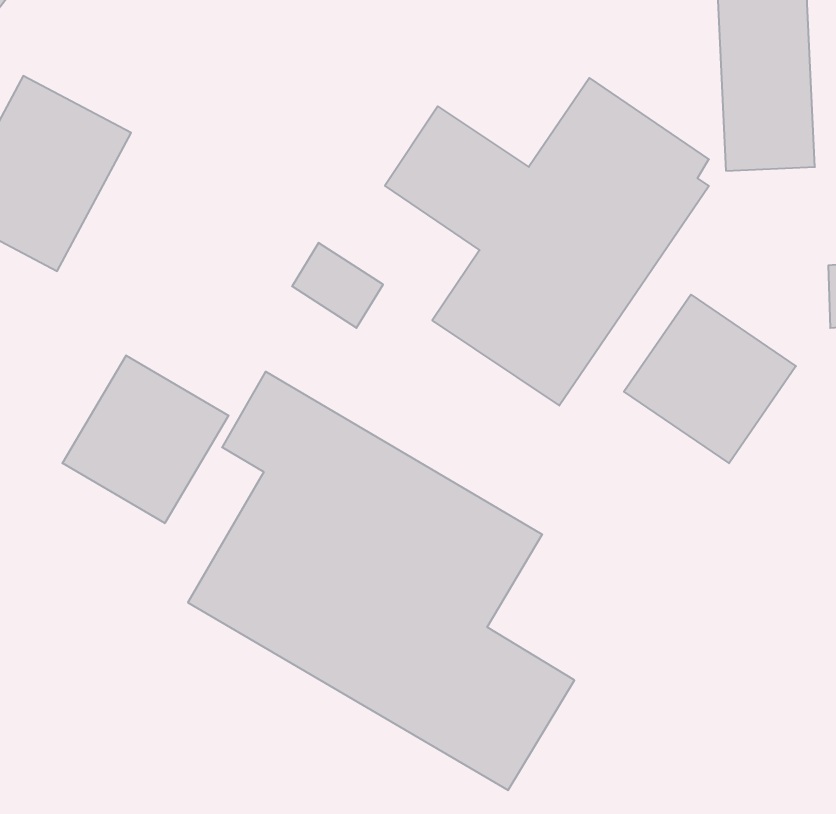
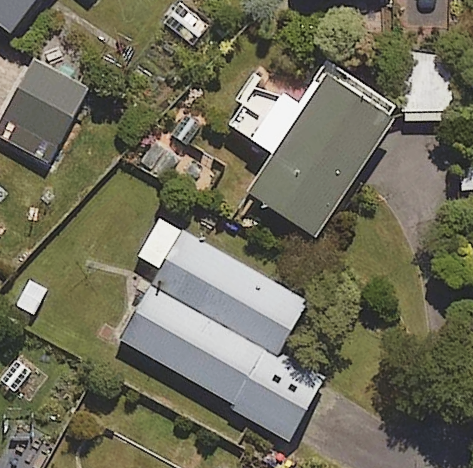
building: [624,295,796,463] -> none
building: [62,355,229,523] -> none

